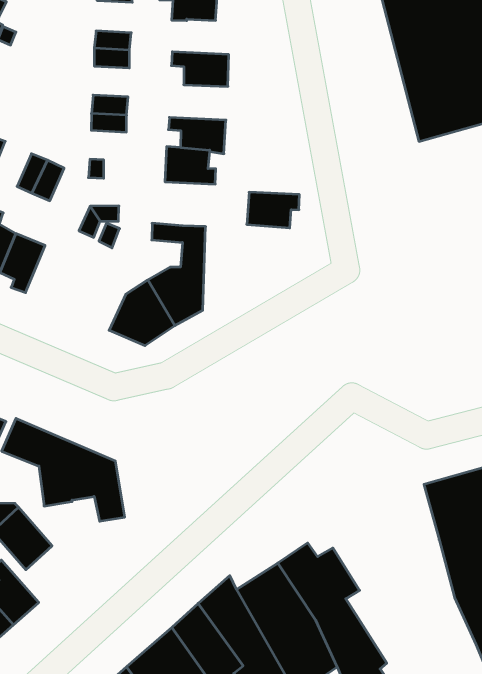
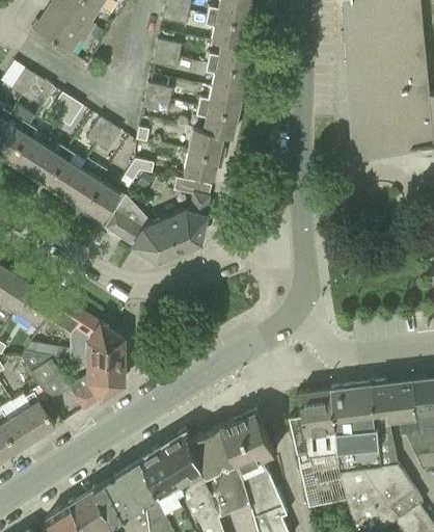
building: none -> [209,43,252,72]
building: none -> [199,87,243,116]
building: [247,192,299,228] -> [184,152,223,181]
building: none -> [81,182,119,220]
building: none -> [105,198,150,247]
building: none -> [290,389,350,508]
building: none -> [75,360,124,410]

